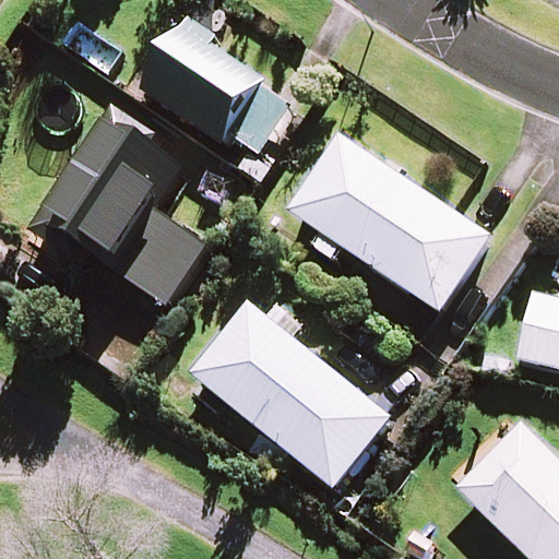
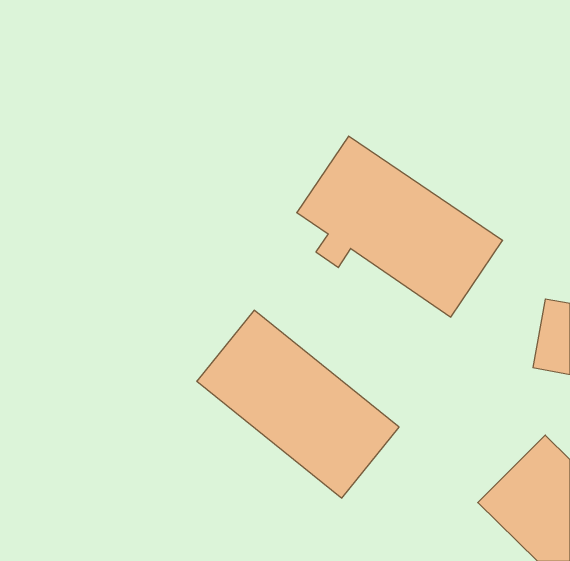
building: [142,24,294,160] -> none
building: [39,120,205,306] -> none

